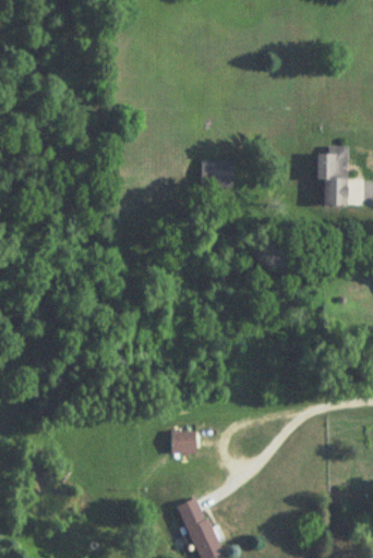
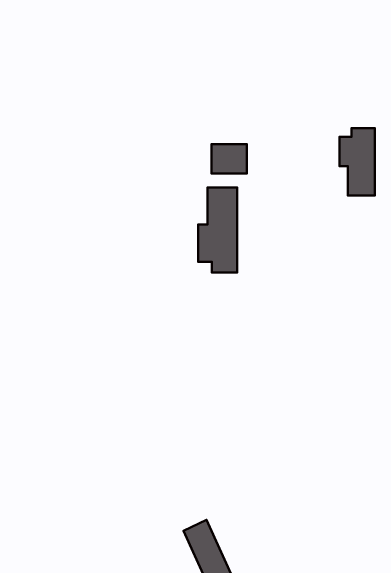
building: none -> [198,187,237,273]
building: [171,429,196,454] -> none

